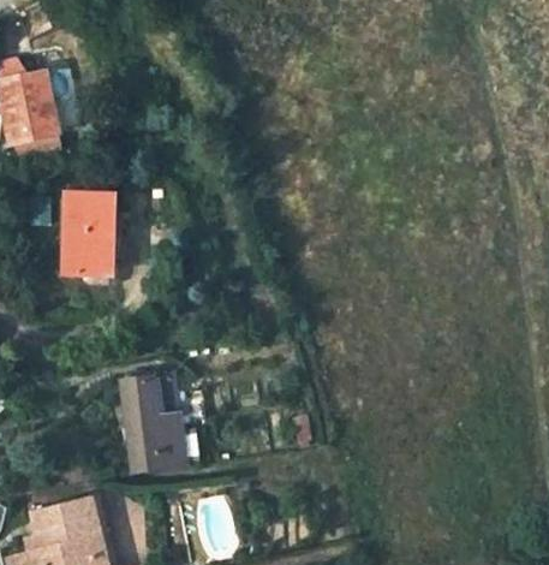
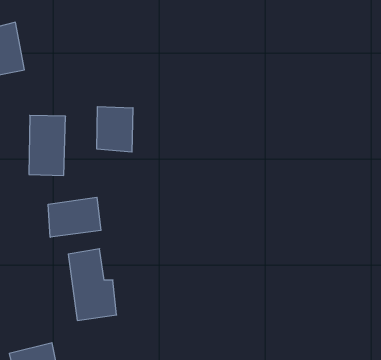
building: none -> [97,107,133,152]
building: none -> [48,197,101,237]

